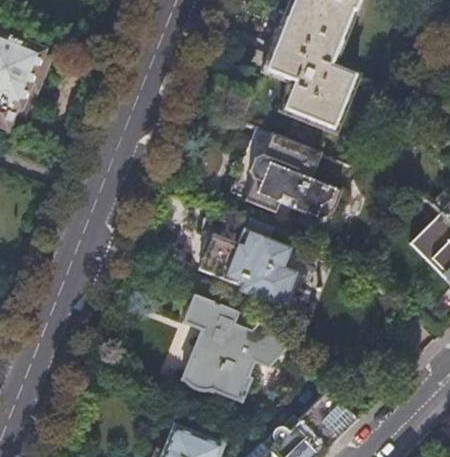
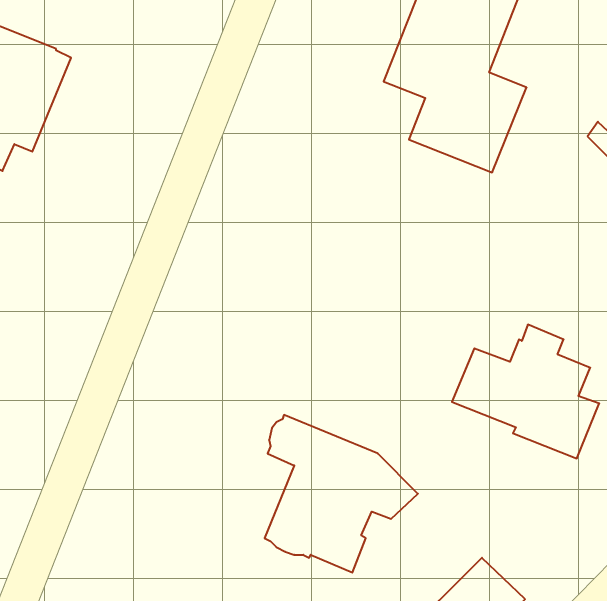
building: [246,134,342,218] -> none
building: [198,219,297,309] -> [452,325,599,458]

